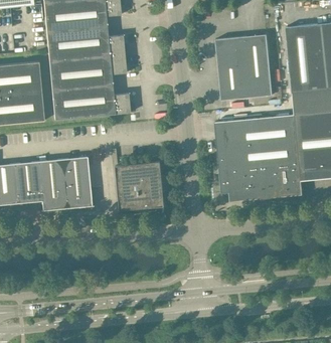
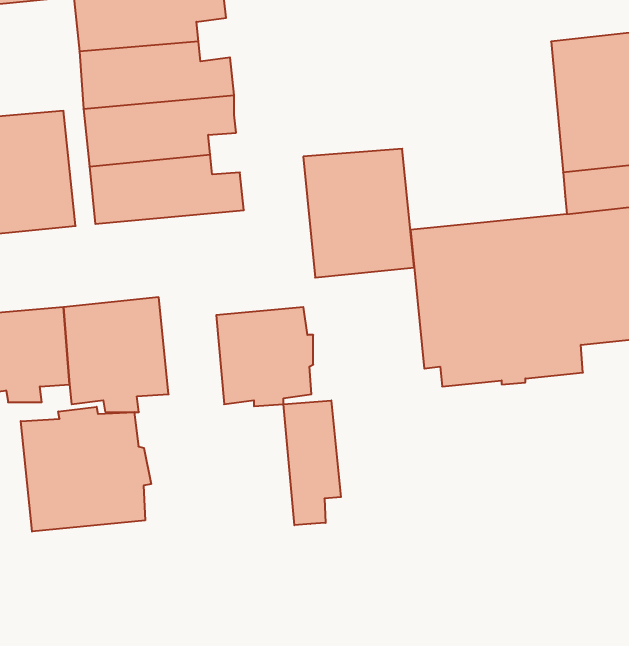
building: [215,34,272,100] -> [303,149,414,278]
building: none -> [284,400,341,525]
building: none -> [21,407,151,532]

